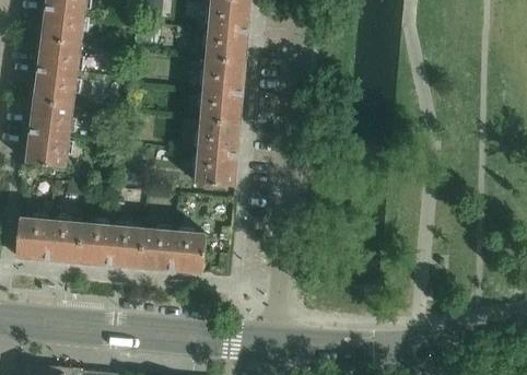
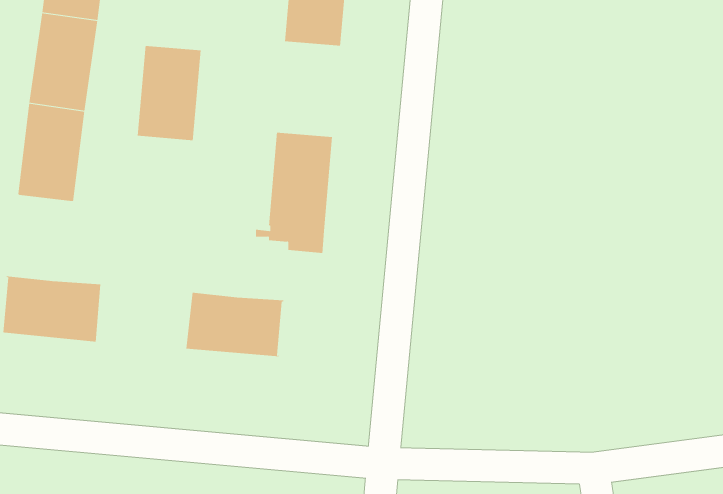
building: [200,59,244,124] -> [137,45,202,141]
building: [79,223,143,267] -> none

